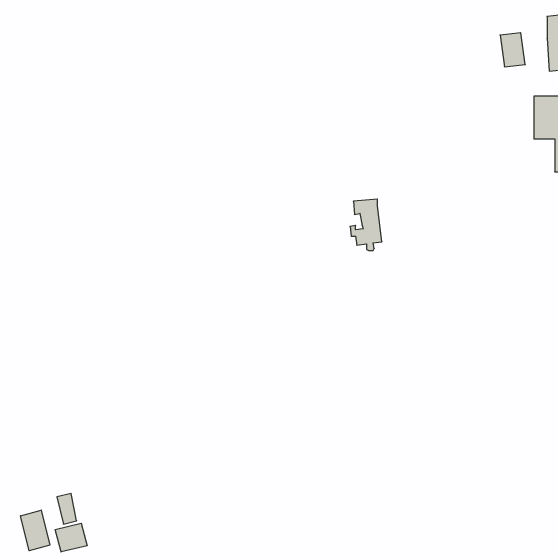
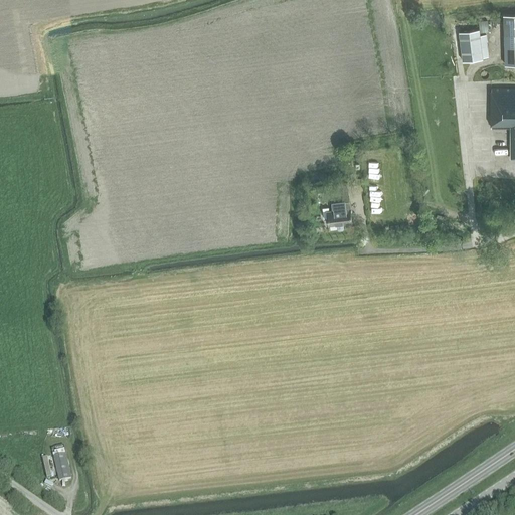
building: [21,510,50,551] -> none
building: [55,523,87,552] -> none

